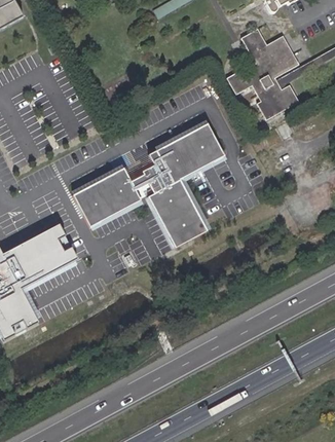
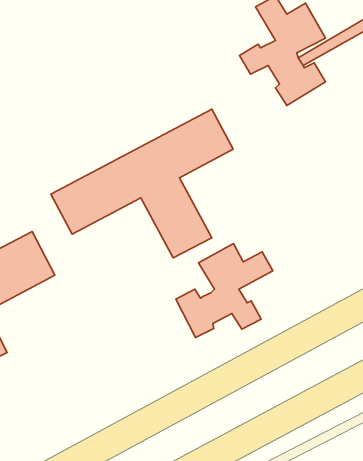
building: none -> [176,244,273,338]

